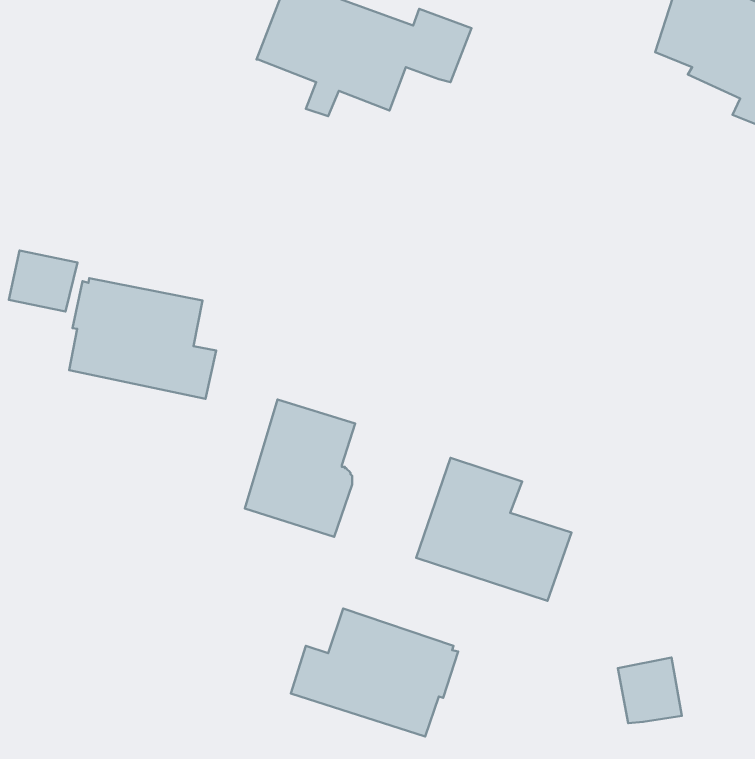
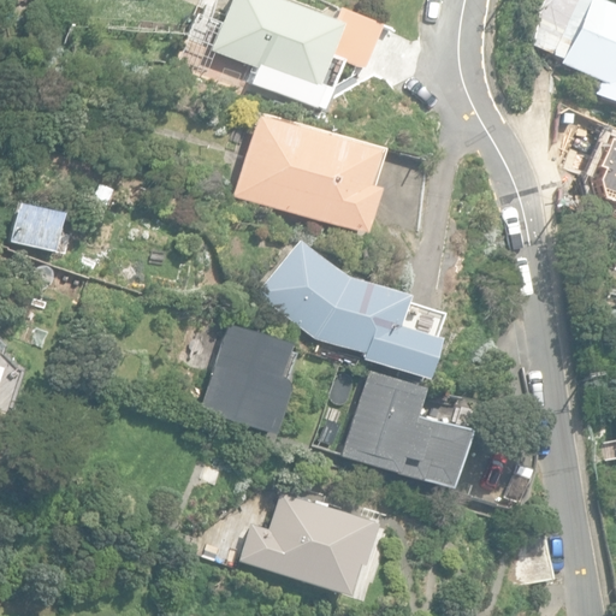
building: none -> [236,116,380,232]
building: [69,278,216,399] -> none
building: none -> [260,238,440,380]

